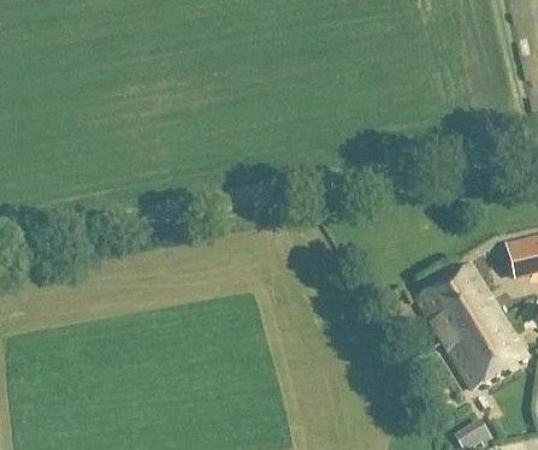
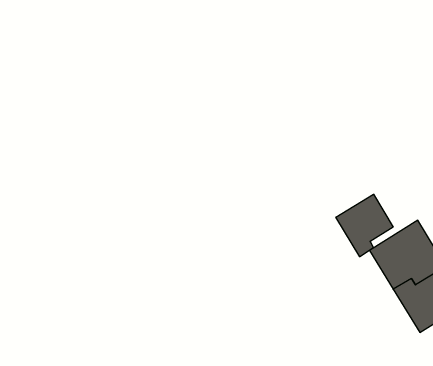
building: none -> [336,194,393,257]

